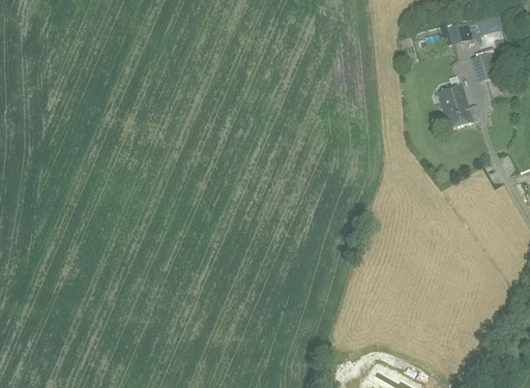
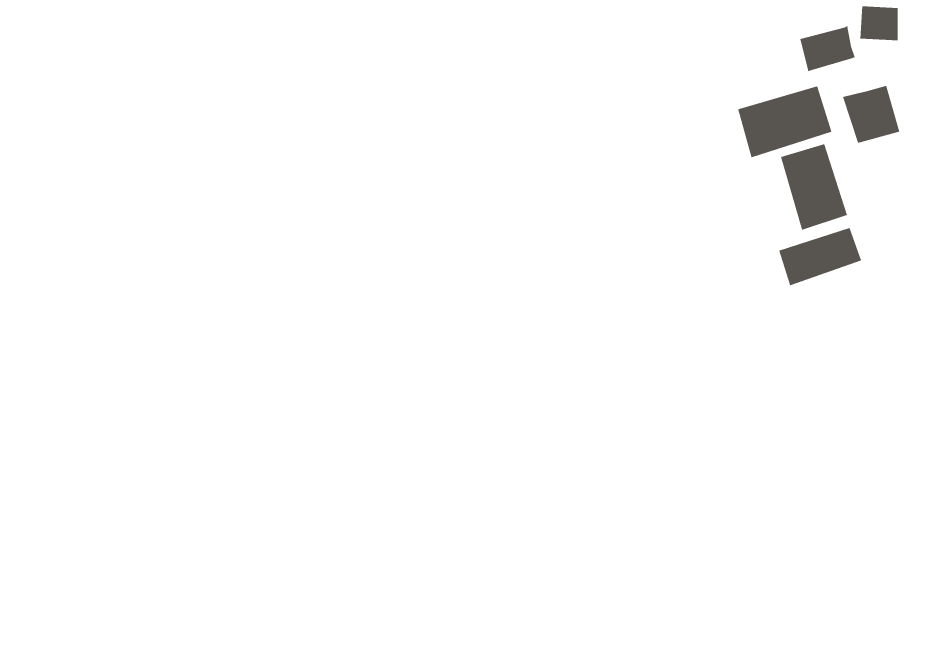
building: none -> [737,85,832,158]
building: none -> [778,227,862,286]

